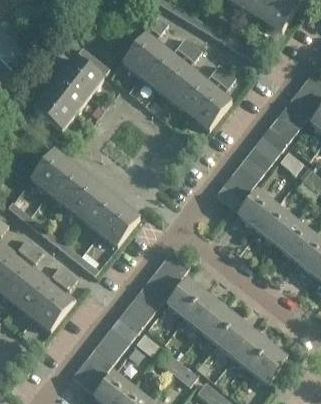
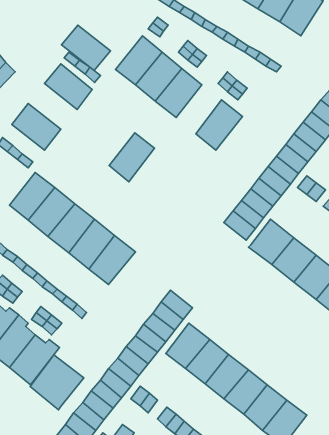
building: [48,75,90,114] -> [62,25,110,71]
building: [175,76,214,118] -> [109,133,155,182]
building: none -> [30,355,84,410]

